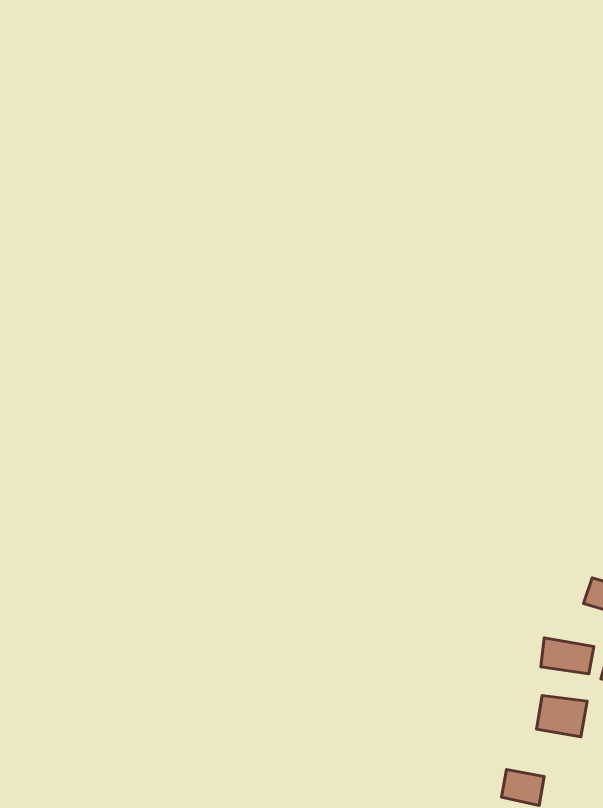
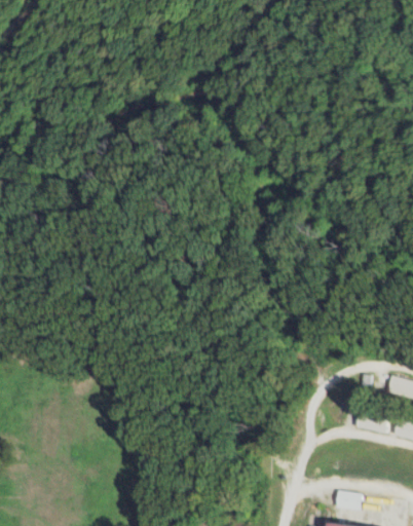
building: [537,696,587,737] -> none

